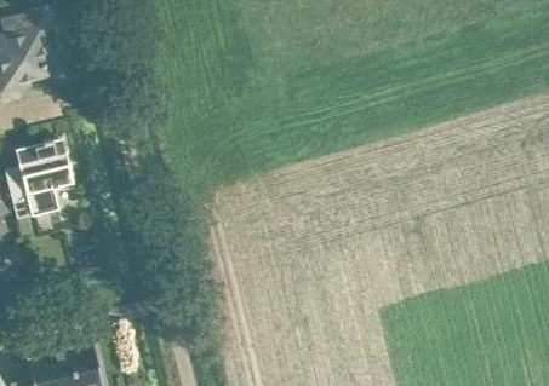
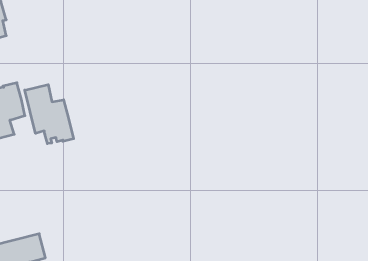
building: none -> [25,85,74,144]

